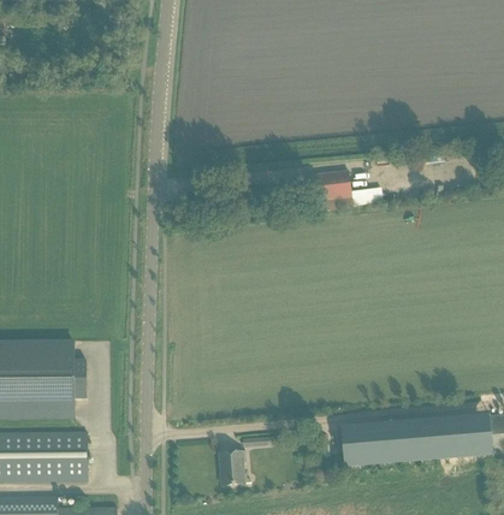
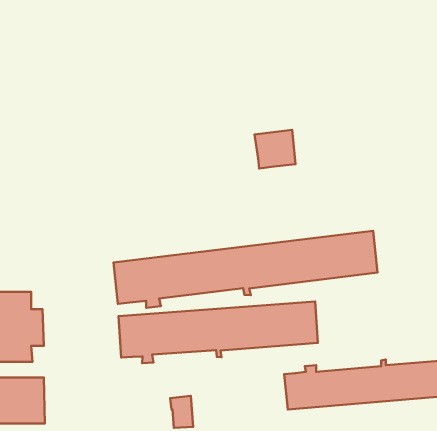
building: none -> [113,231,377,308]
building: none -> [118,302,318,363]

